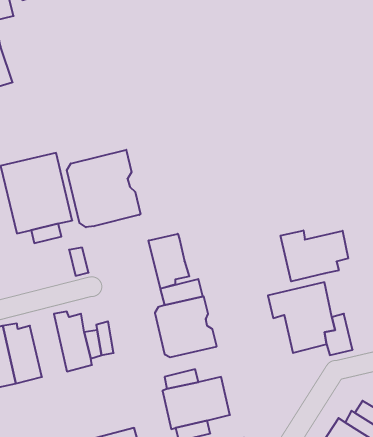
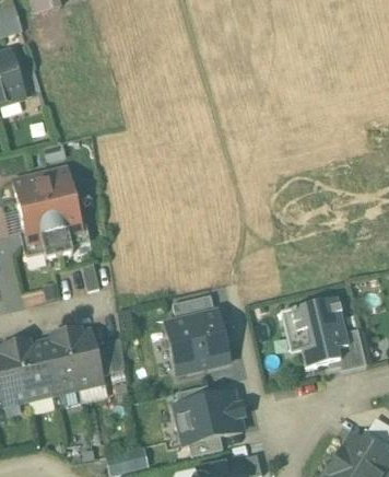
building: [67,150,140,227] -> none
building: [281,230,348,281] -> none
building: [149,234,189,289] -> none
building: none -> [42,329,79,393]

